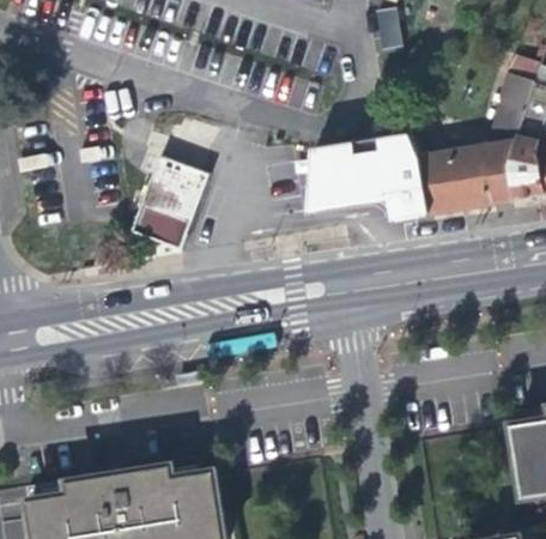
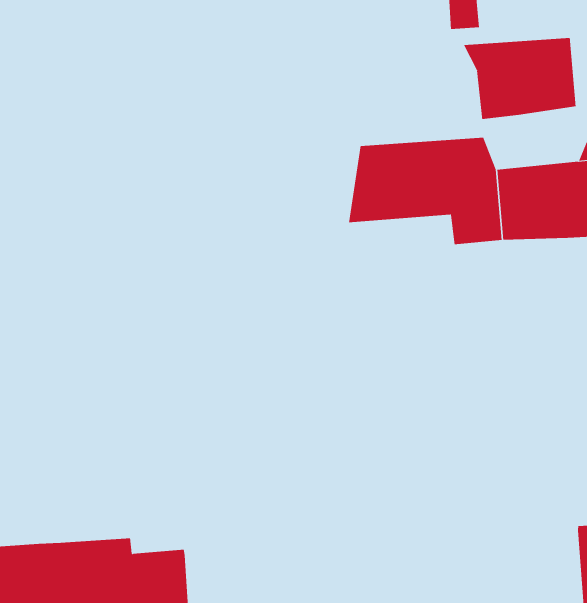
building: none -> [463,37,576,120]
building: [134,157,208,248] -> none

